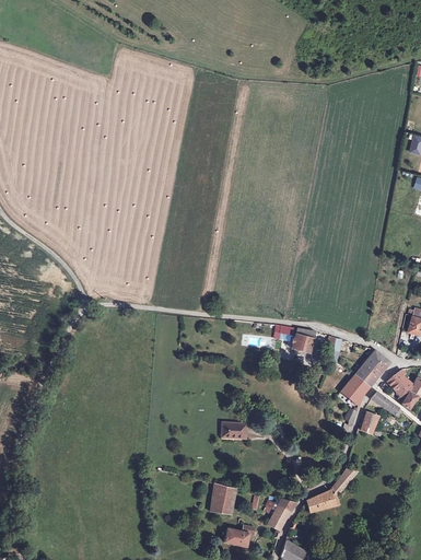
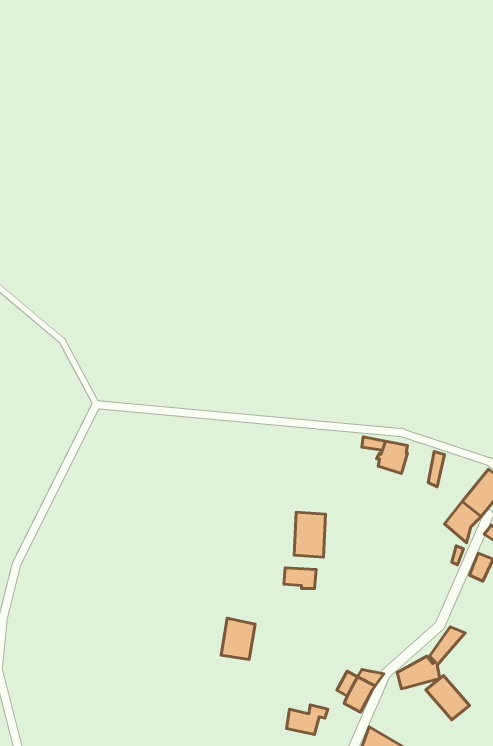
building: none -> [294,512,326,557]
building: [210,483,235,514] -> [221,618,255,660]
building: none -> [426,675,470,720]

